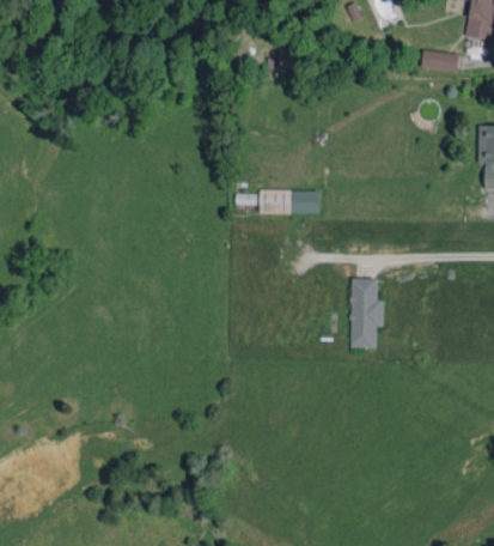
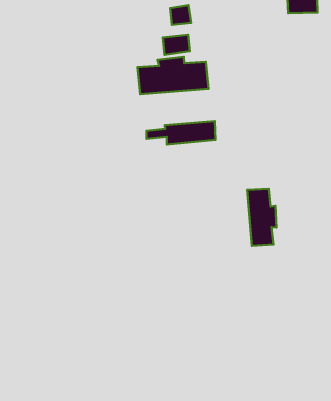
building: none -> [163,35,190,55]
building: none -> [137,57,209,94]

